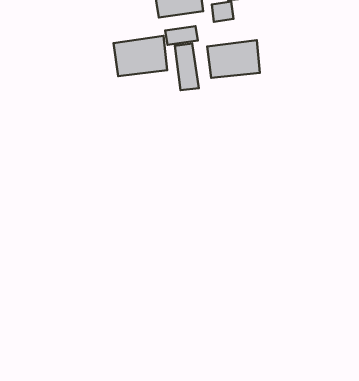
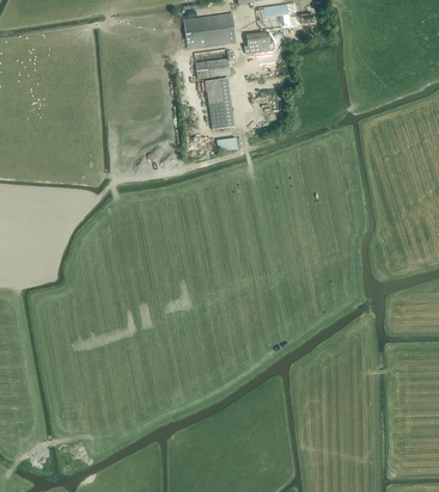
building: [114,36,167,76] -> none
building: [207,40,260,78] -> none

